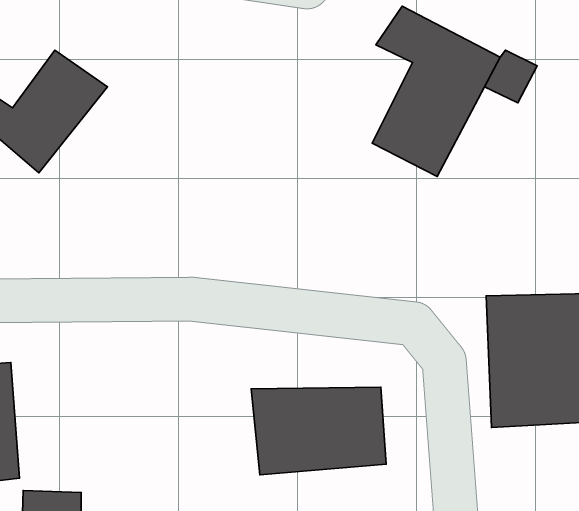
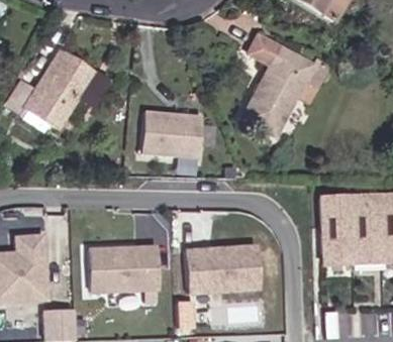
building: none -> [135,109,198,157]
building: none -> [81,245,155,297]

